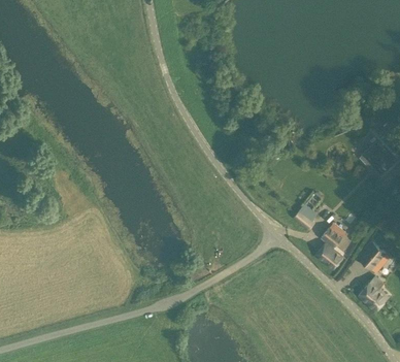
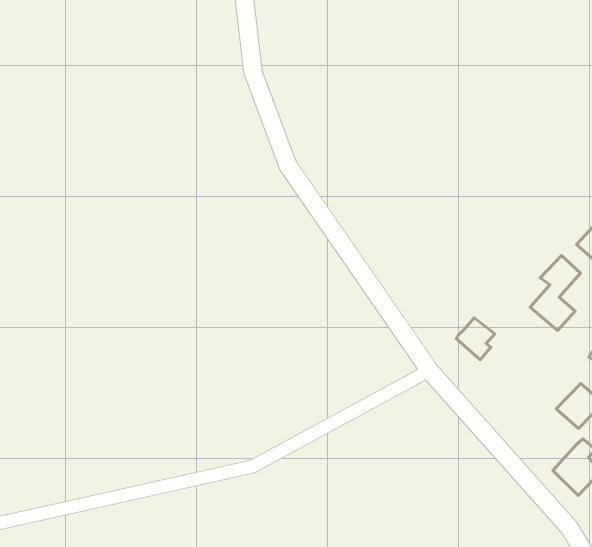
building: [316,222,346,268] -> [530,255,581,330]

